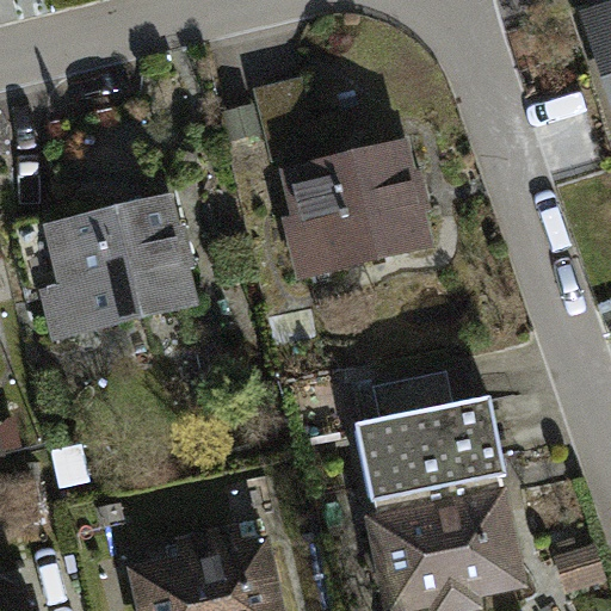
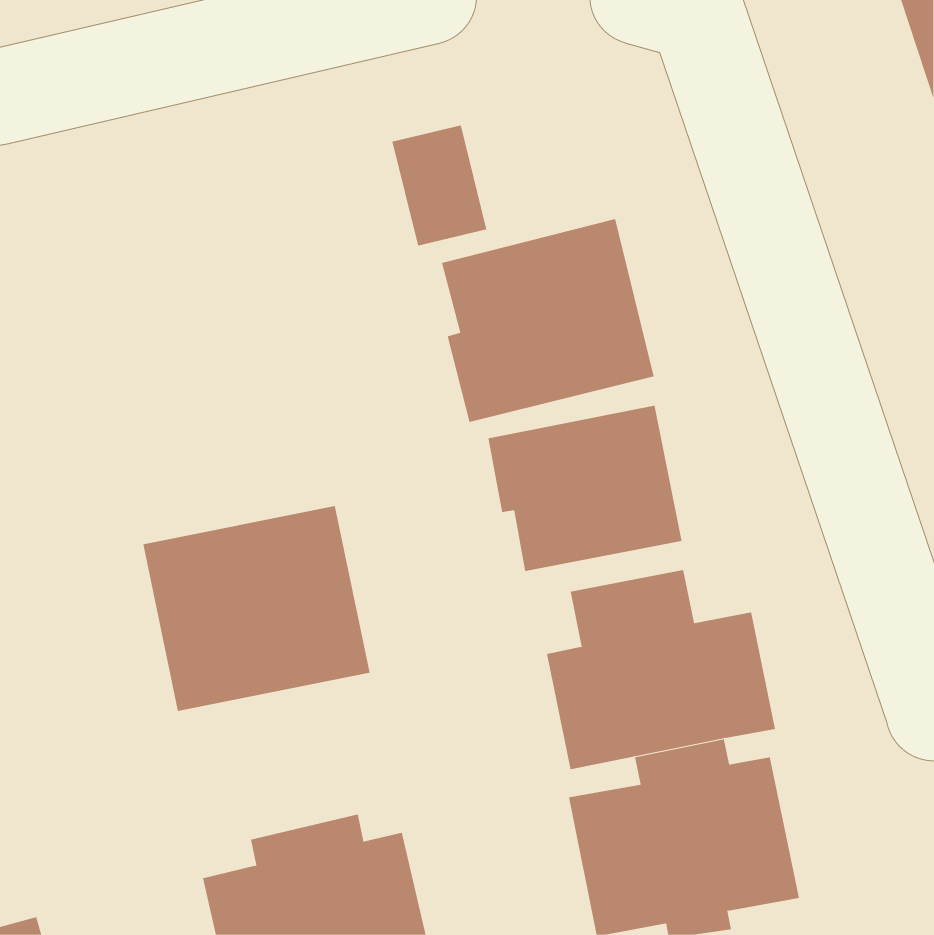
building: [56,204,204,338] -> [142,506,370,711]
building: none -> [488,405,682,572]

